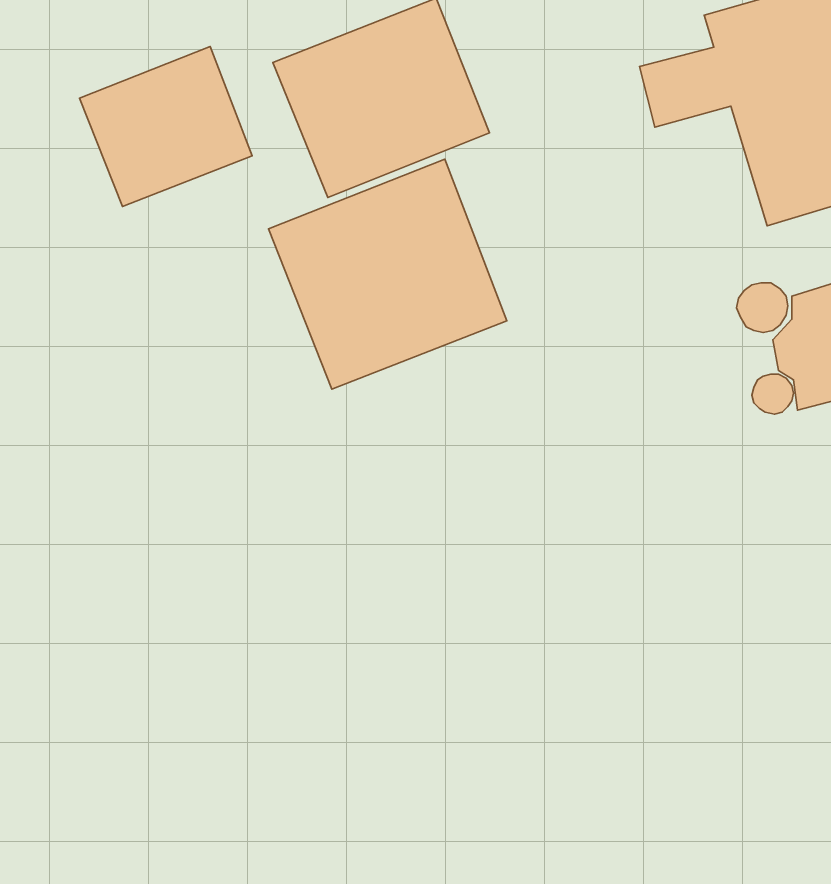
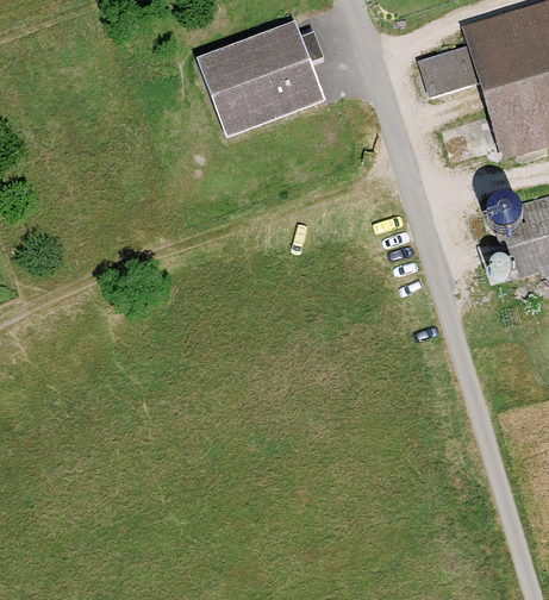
building: [80,46,252,207] -> none
building: [268,159,507,389] -> none

